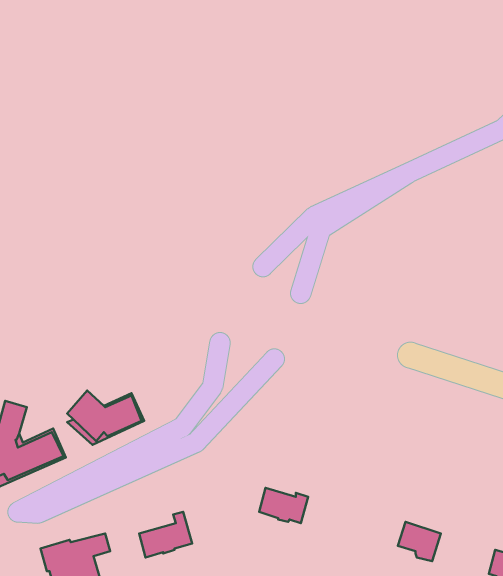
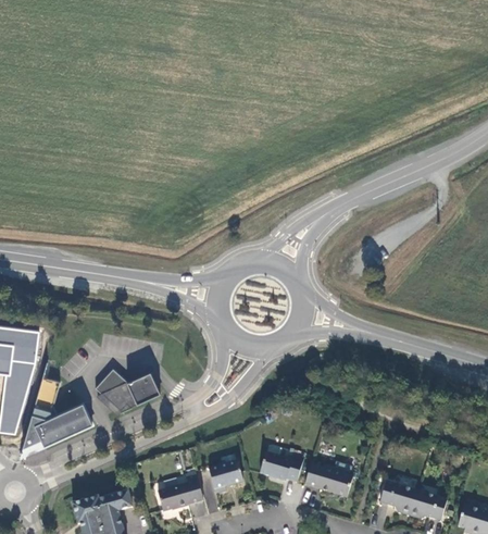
building: none -> [209,459,243,492]
building: none -> [305,462,353,496]
building: none -> [410,489,448,519]

